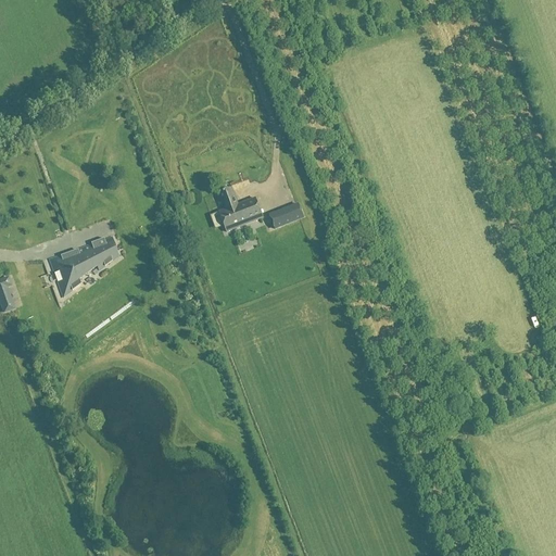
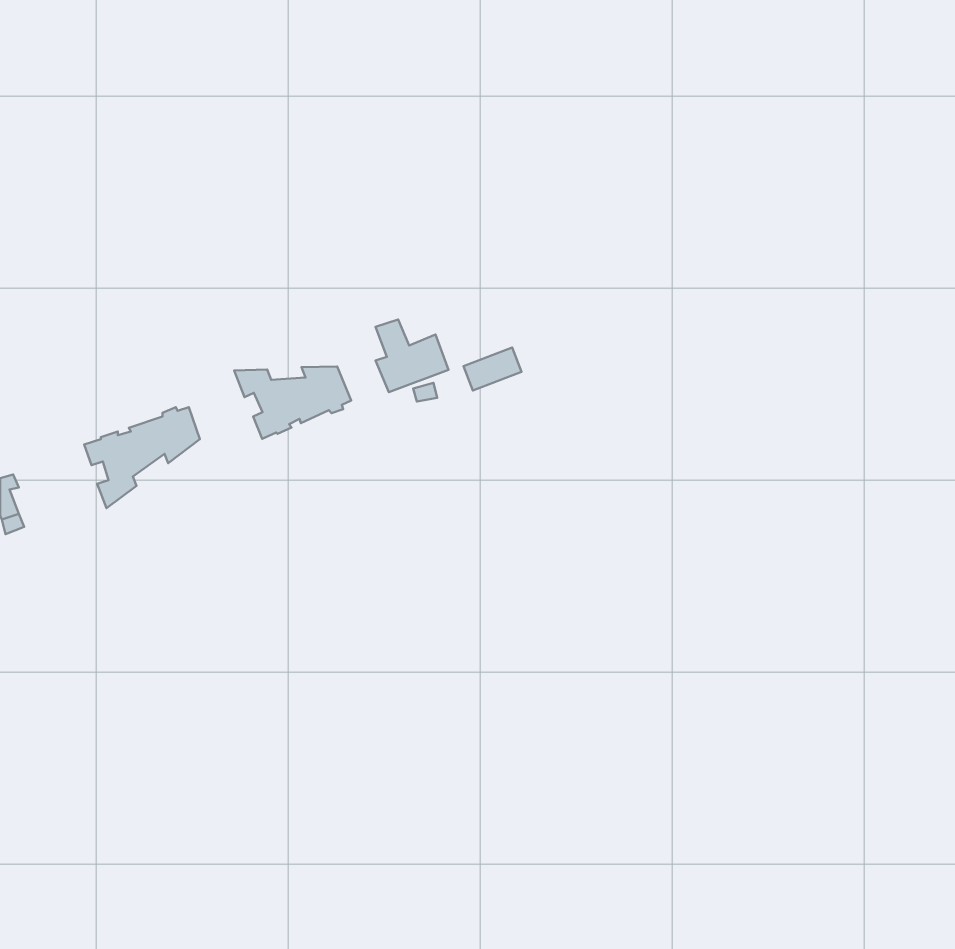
building: none -> [234,366,351,439]

